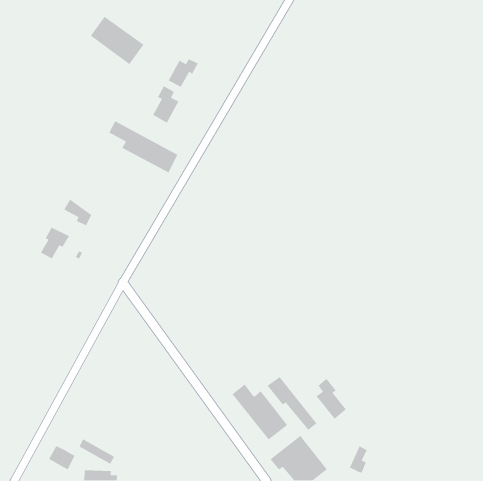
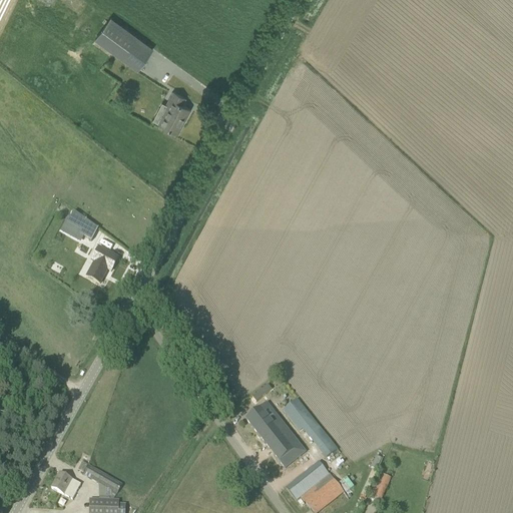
building: [167,58,199,88] -> none
building: [108,120,178,174] -> none
building: [40,226,70,260] -> [86,247,118,283]
building: [316,378,347,420] -> none

